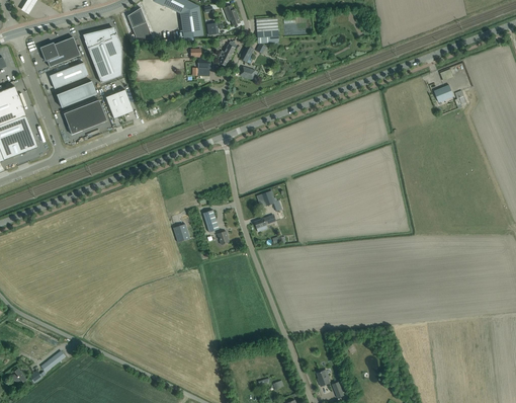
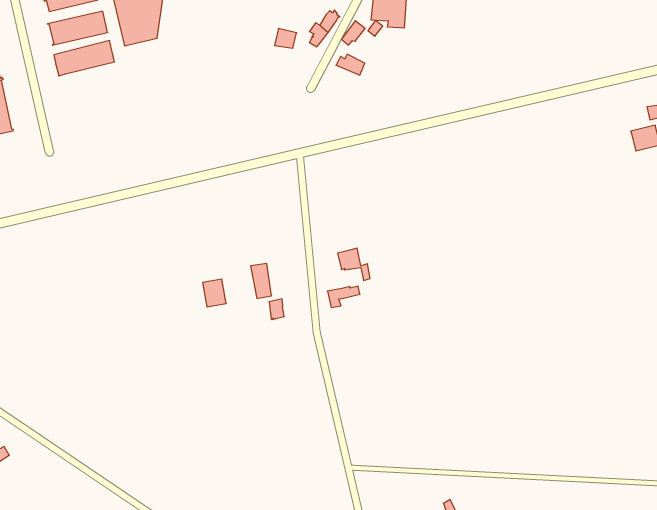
building: [105,86,134,118] -> none
building: [64,99,107,134] -> none

